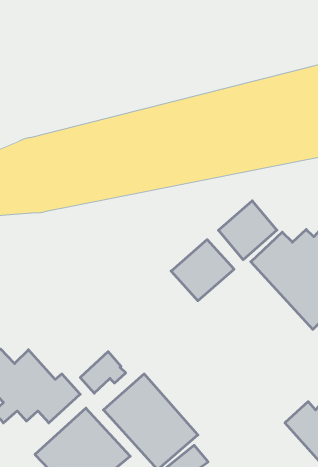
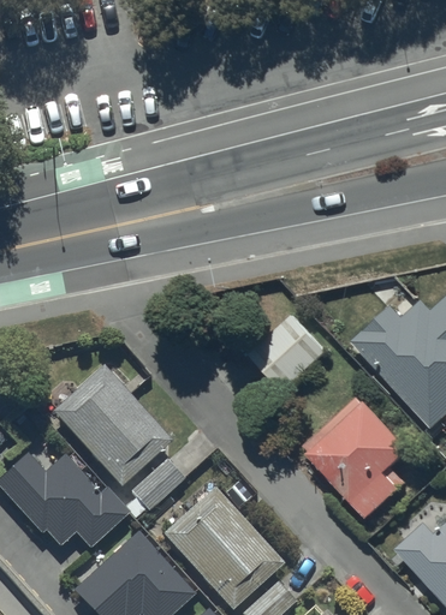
building: [218,201,277,260] -> none
building: none -> [47,365,173,489]
building: none -> [302,395,414,520]

